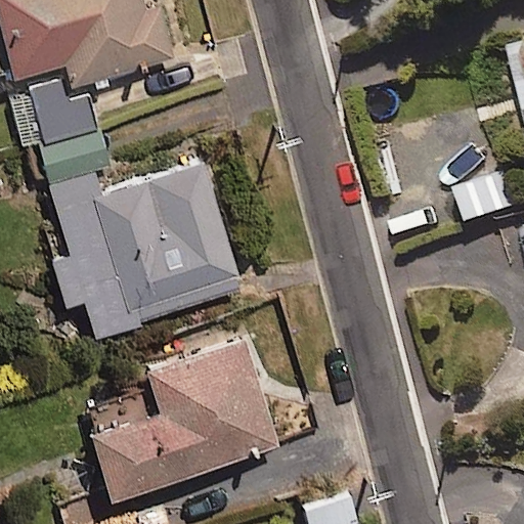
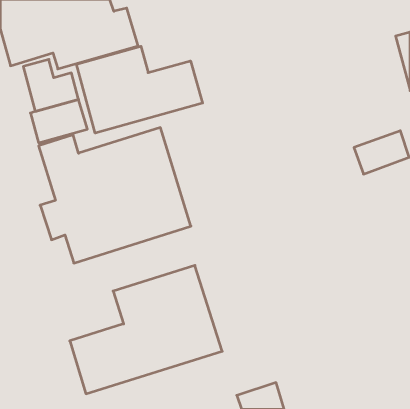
building: none -> [76,46,203,133]

